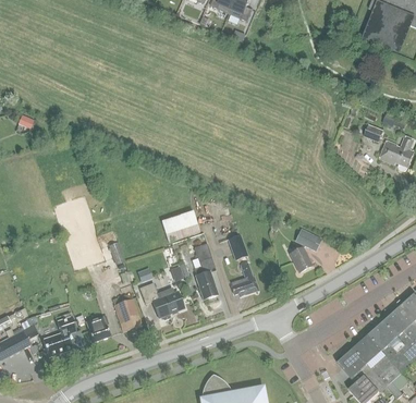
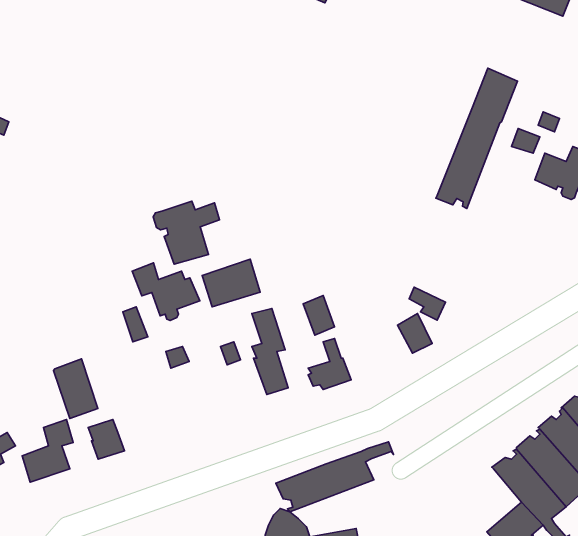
building: none -> [436,68,518,208]
building: none -> [153,201,219,264]
building: [139,281,184,319] -> [132,263,200,321]
building: [112,292,142,331] -> [53,359,98,419]
building: none -> [276,442,394,512]
building: [337,347,371,382] -> none

